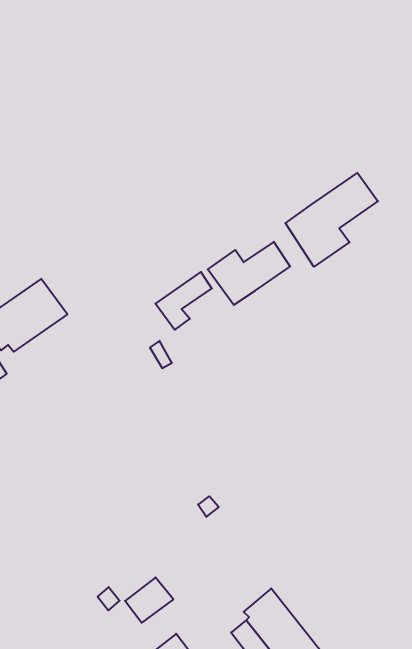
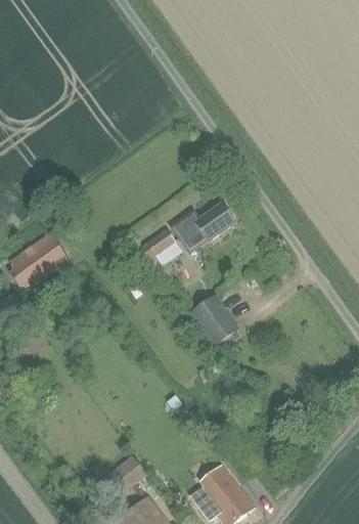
building: [285,173,378,267] -> none
building: none -> [190,295,240,346]

